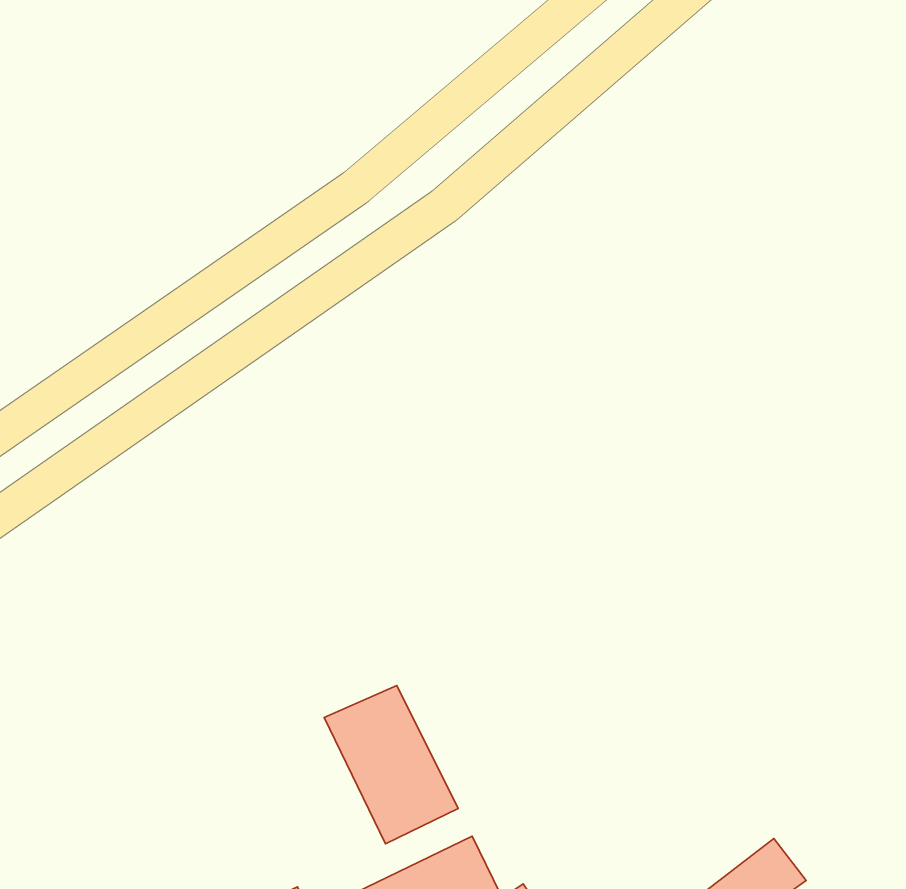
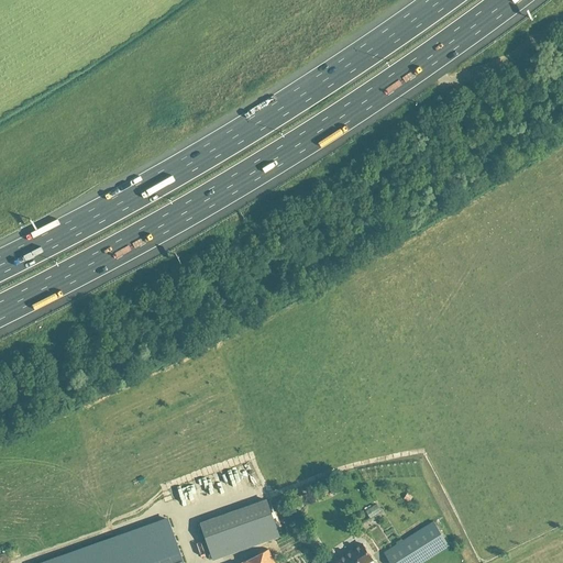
building: [324,685,458,844] -> none

